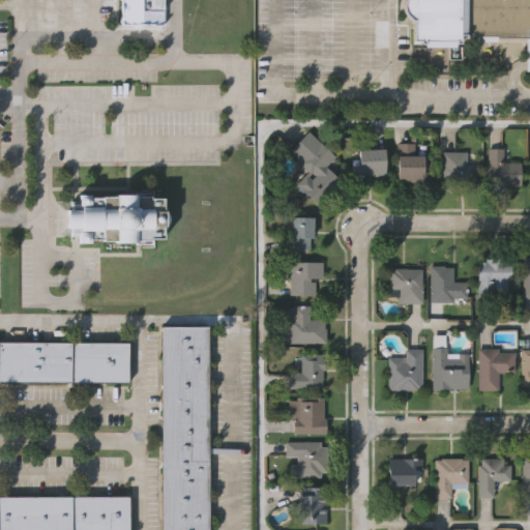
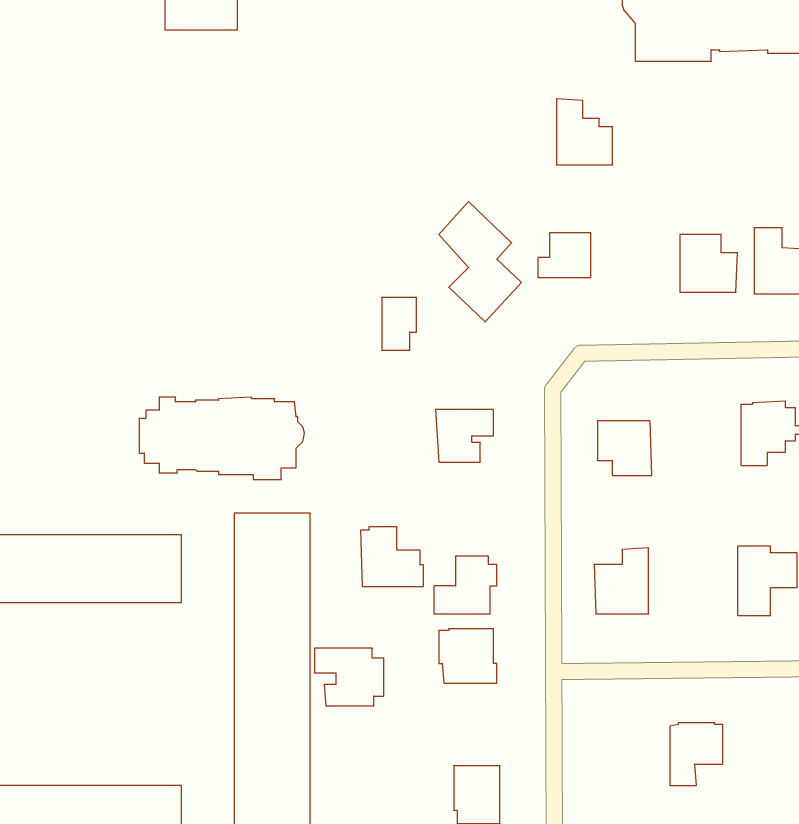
building: [398,142,433,183] -> [556,99,613,165]
building: [66,195,170,246] -> [139,397,304,480]
building: [294,218,316,252] -> [382,297,416,350]
building: [433,265,469,302] -> none
building: [289,306,328,344] -> [361,527,423,586]
building: [432,348,469,391] -> none
building: [286,442,329,478] -> [314,648,384,706]
building: [388,455,422,484] -> none
building: [477,458,511,499] -> none

